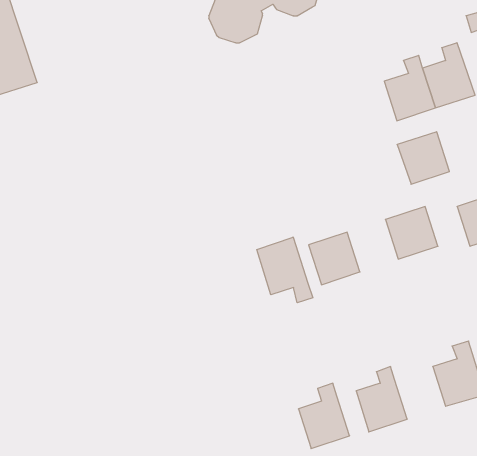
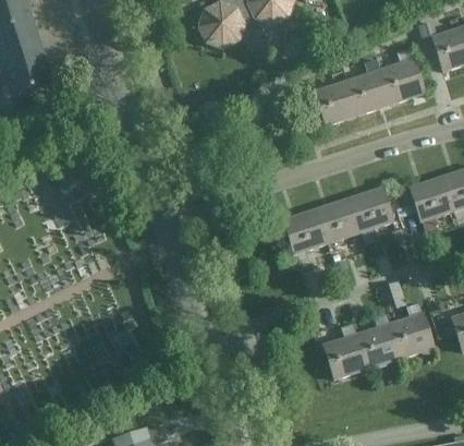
building: [397,132,449,184] -> [314,80,358,124]
building: none -> [316,197,359,242]
building: [257,237,313,303] -> none
building: [298,383,350,449] -> [356,312,400,367]

